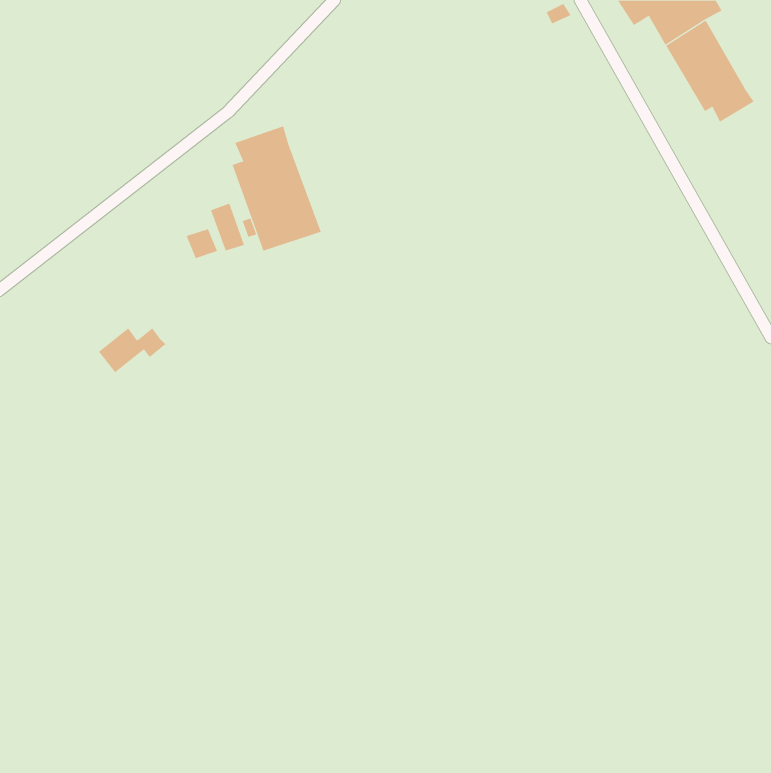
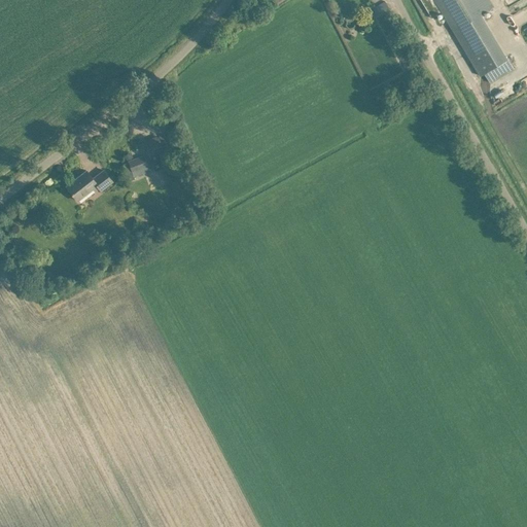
building: [232,126,321,251] -> none
building: [98,328,166,373] -> [65,170,111,201]

